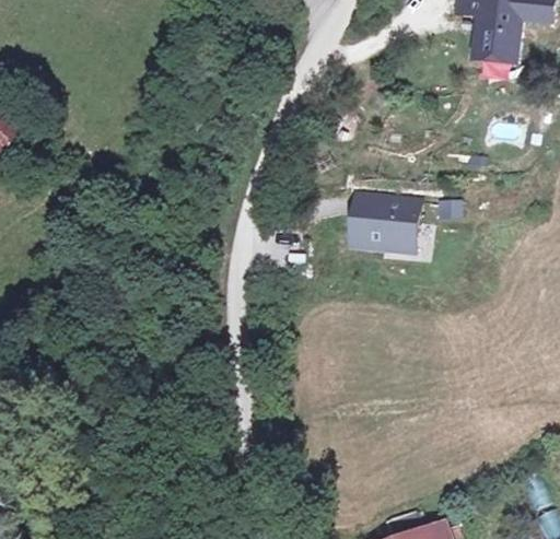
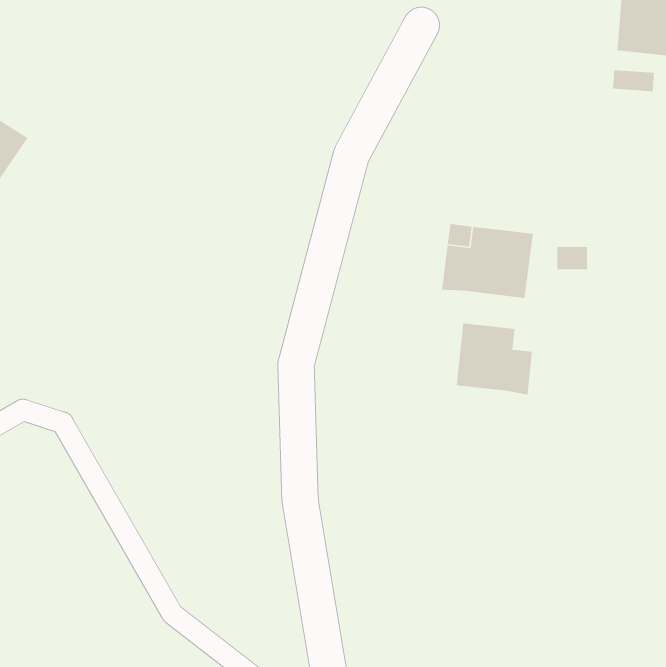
building: none -> [456,322,533,395]

